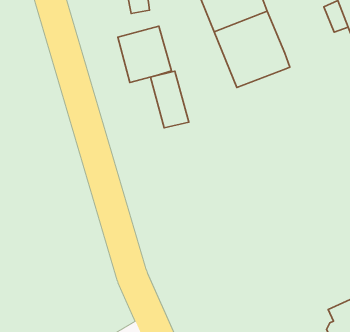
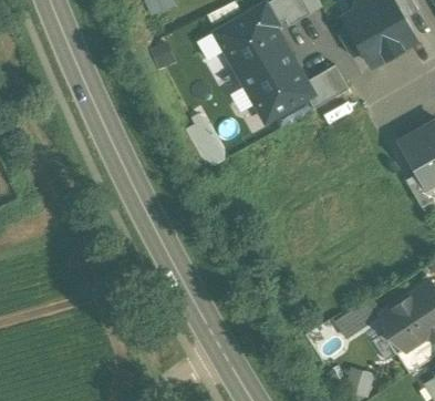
building: [118,26,171,83] -> none
building: none -> [307,64,349,106]

